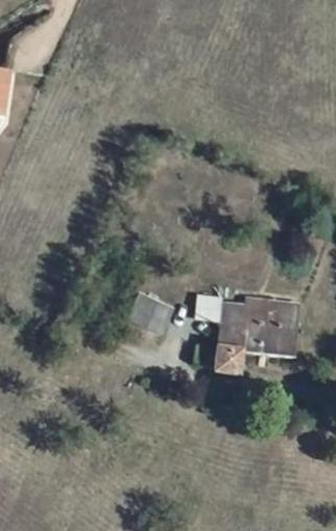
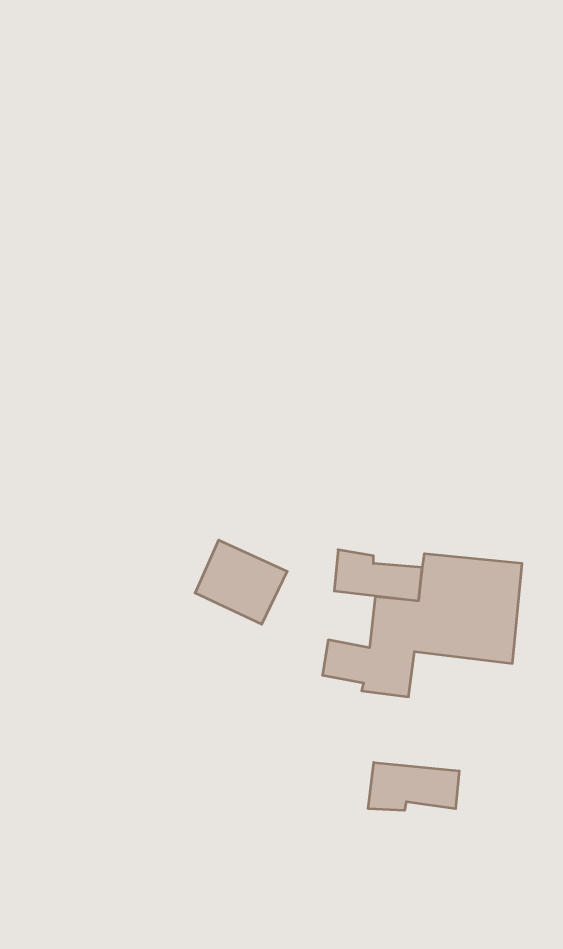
building: none -> [368,762,459,810]

